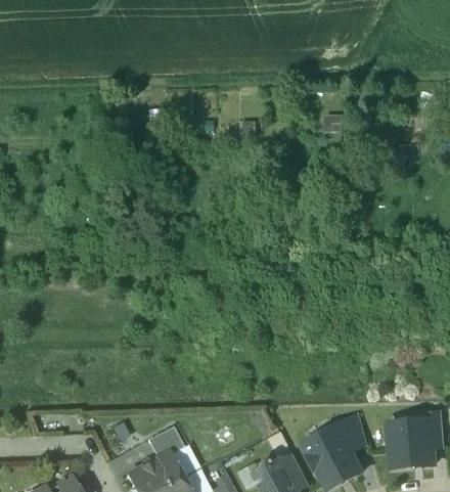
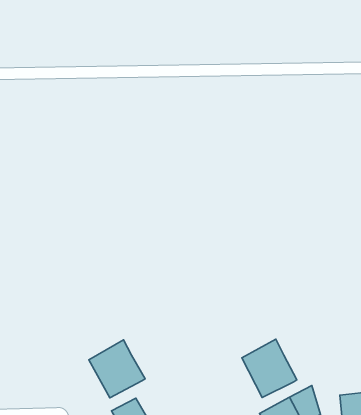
building: none -> [242,339,297,397]
building: none -> [89,340,145,398]

